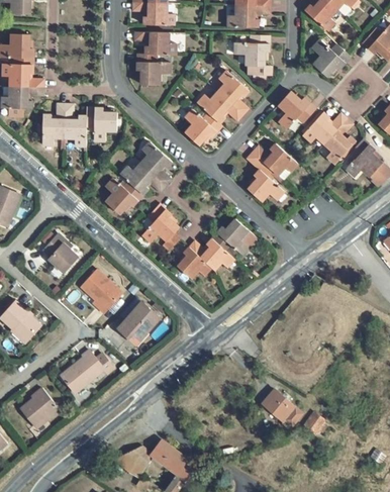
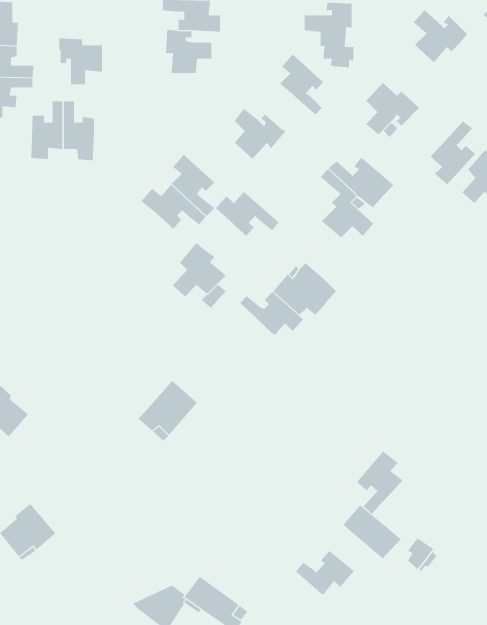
building: [197,92,242,124] -> [215,191,280,237]
building: [86,107,117,140] -> [59,38,103,85]
building: [302,112,347,143] -> none
building: [105,178,142,214] -> none
building: [42,233,78,273] -> none
building: [177,247,211,279] -> none
building: [81,270,122,313] -> none
building: [62,350,114,393] -> none
building: none -> [356,451,404,515]
building: none -> [295,550,355,596]

